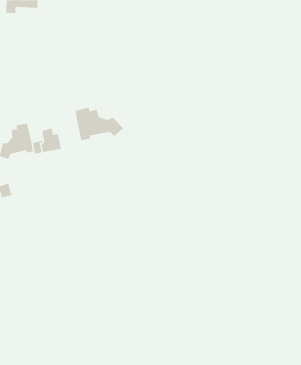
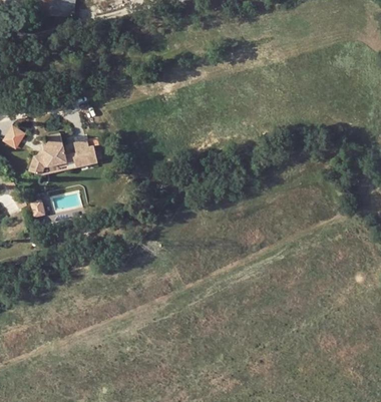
building: [74,106,124,141] -> none

